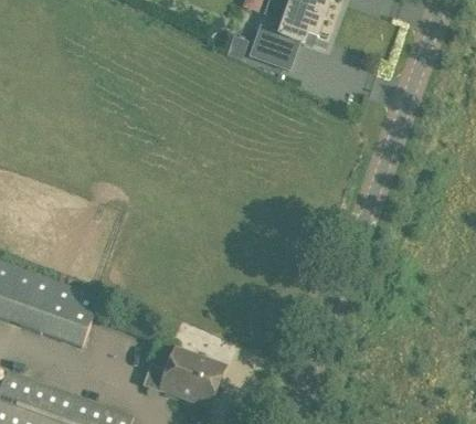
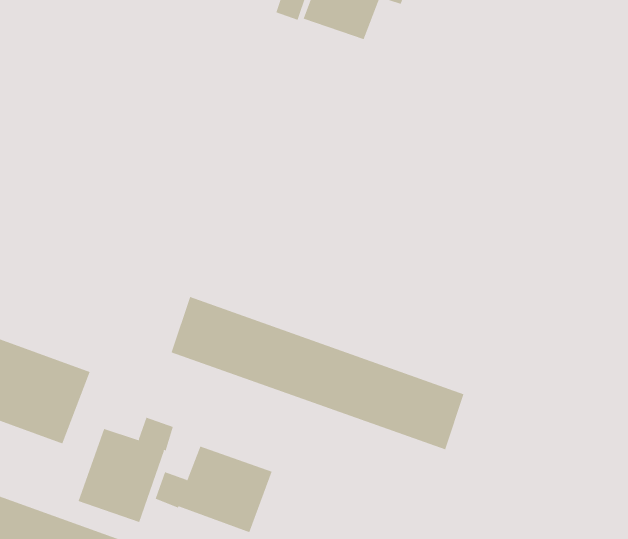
building: none -> [171,296,464,450]
building: none -> [78,417,174,523]

